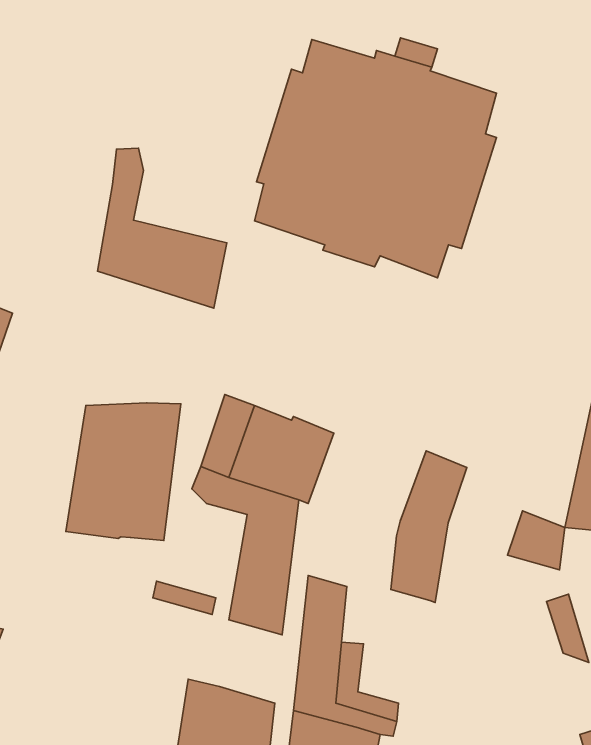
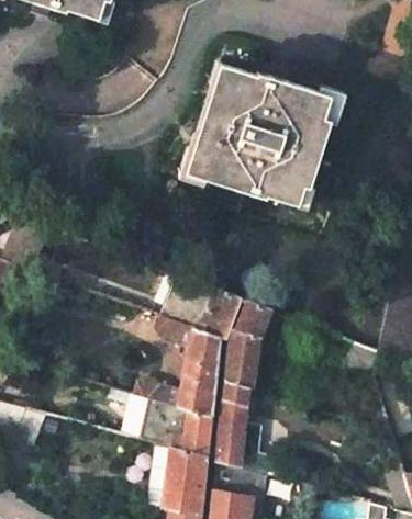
building: [98,148,227,308] -> none
building: [66,403,181,541] -> none
building: [391,451,467,602] -> [225,301,270,391]
building: none -> [151,407,210,459]

